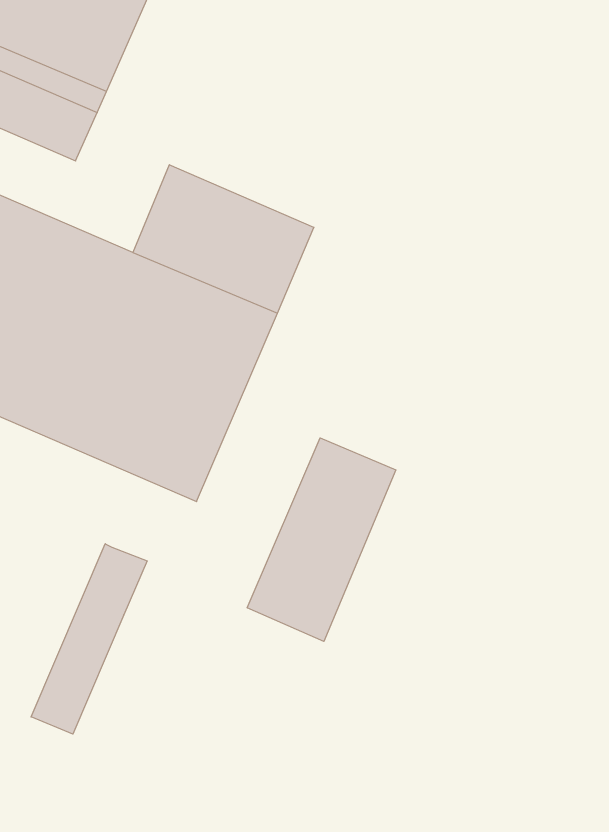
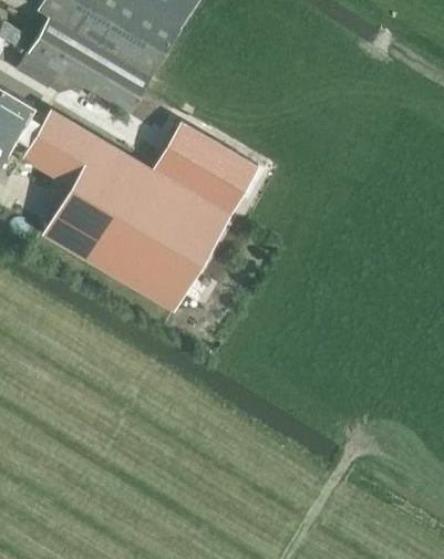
building: [247,438,396,641] -> none
building: [31,544,147,734] -> none

